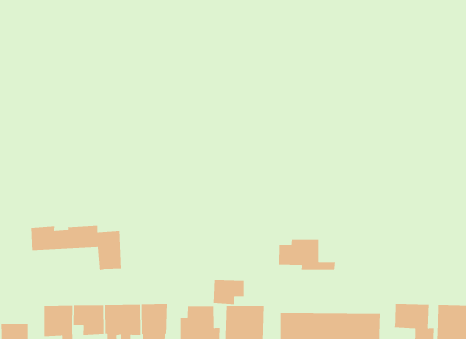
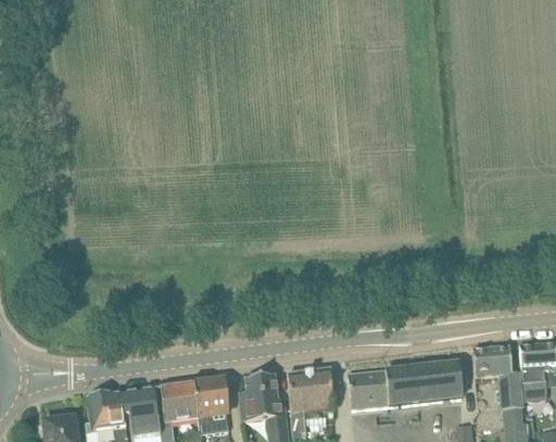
building: [31,225,122,271] -> none
building: [278,239,336,271] -> none
building: [213,279,245,305] -> none

